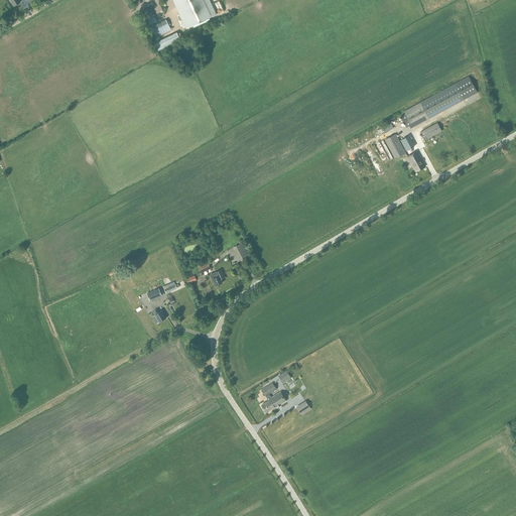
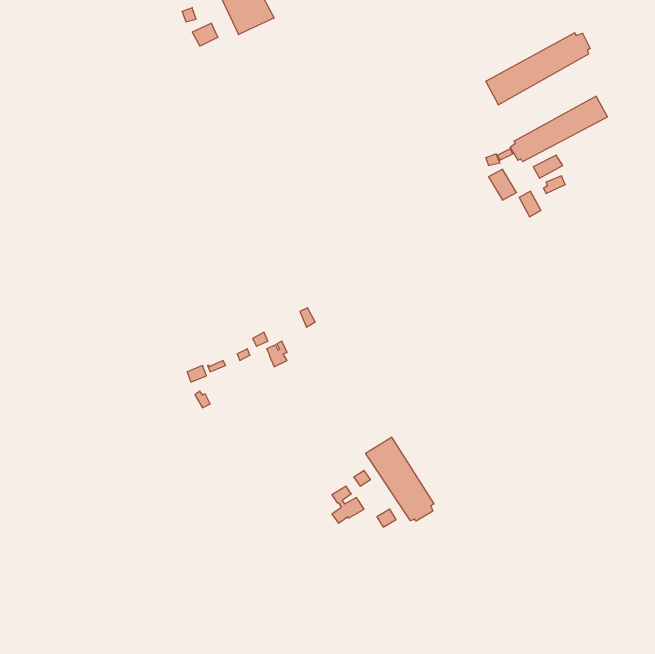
building: none -> [486,33,590,105]
building: none -> [366,437,434,521]

